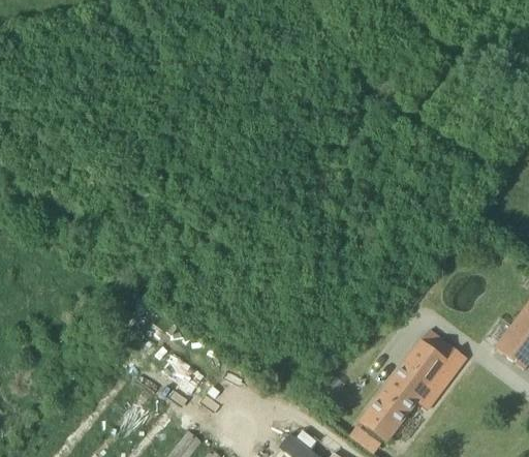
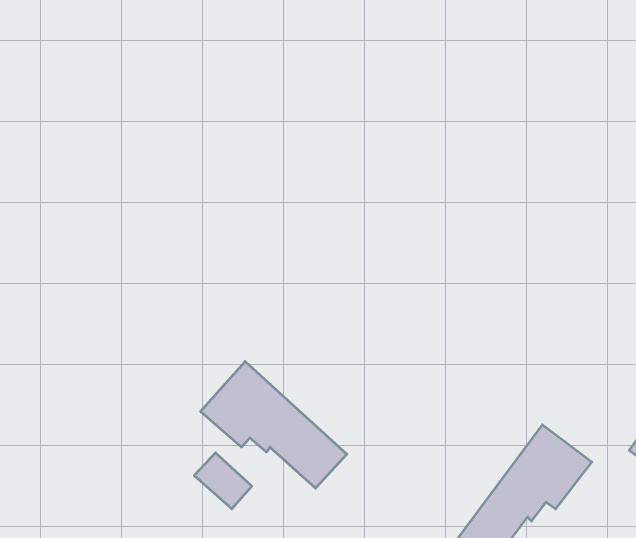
building: none -> [201,361,347,488]

